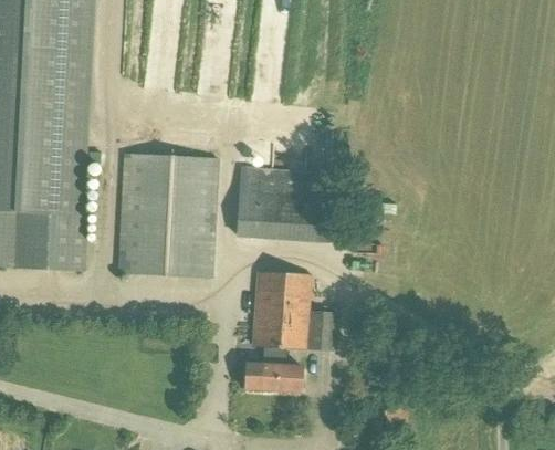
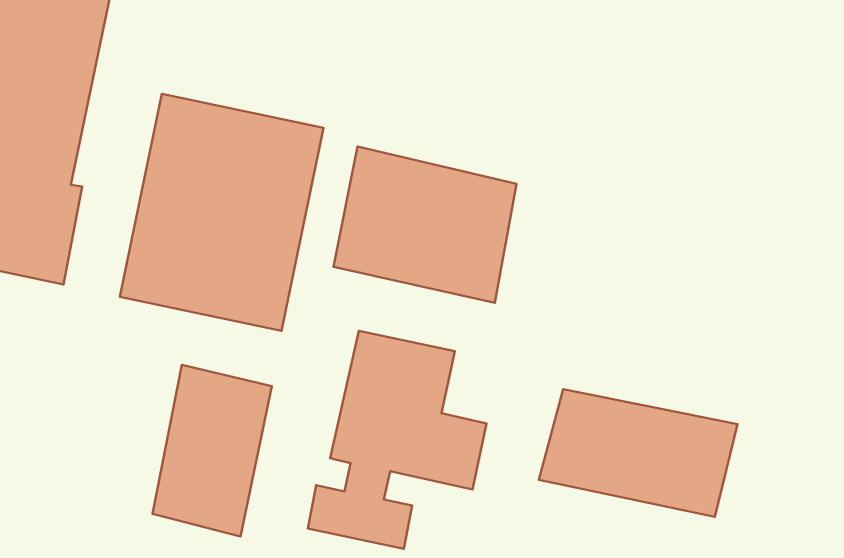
building: none -> [539,389,737,517]
building: none -> [152,365,272,537]

